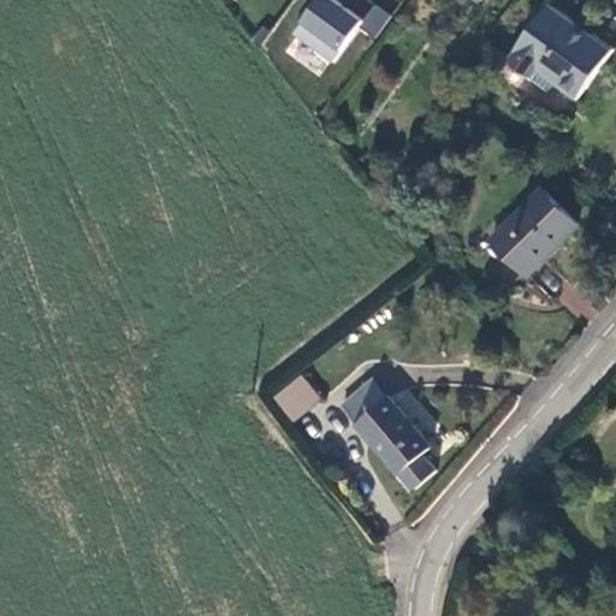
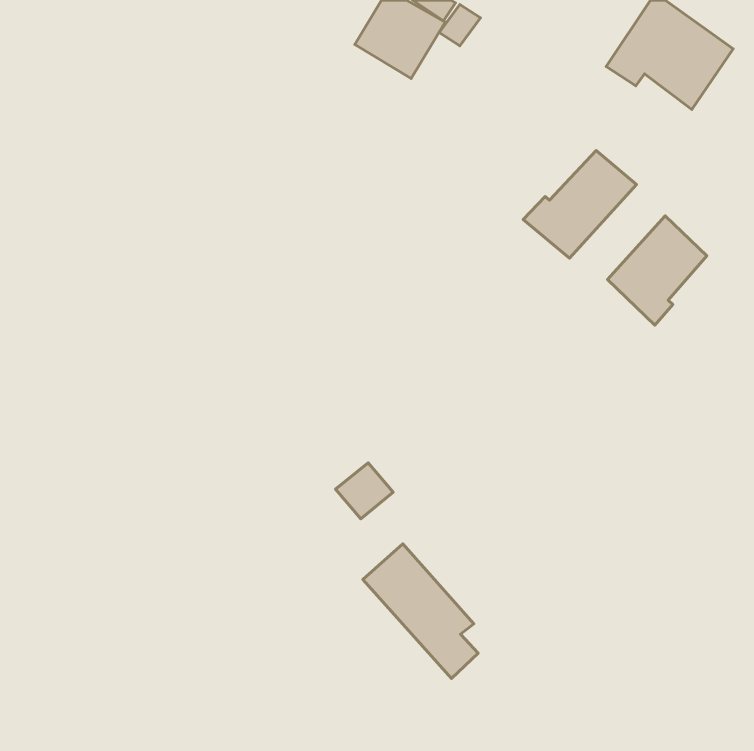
building: none -> [523,151,636,258]
building: [342,381,436,491] -> [363,544,478,678]

